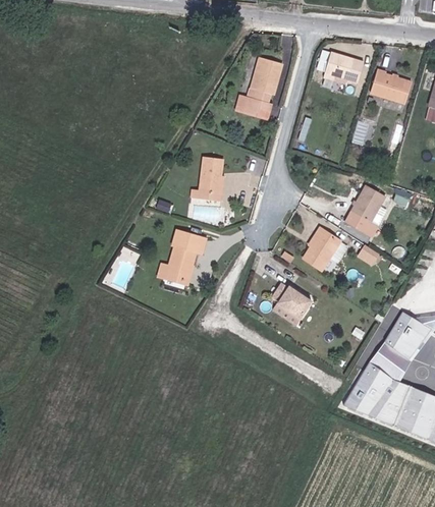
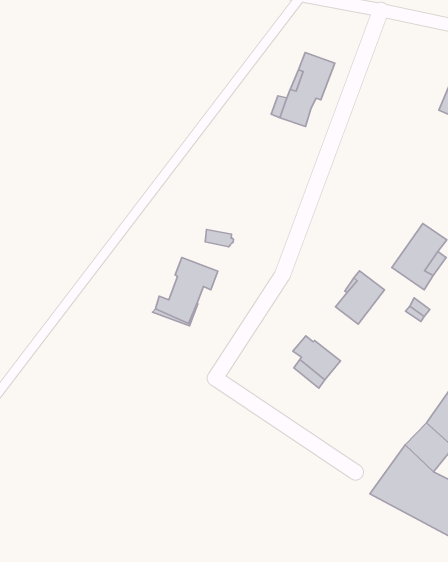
building: [323,51,364,84] -> none
building: [196,156,223,201] -> none

